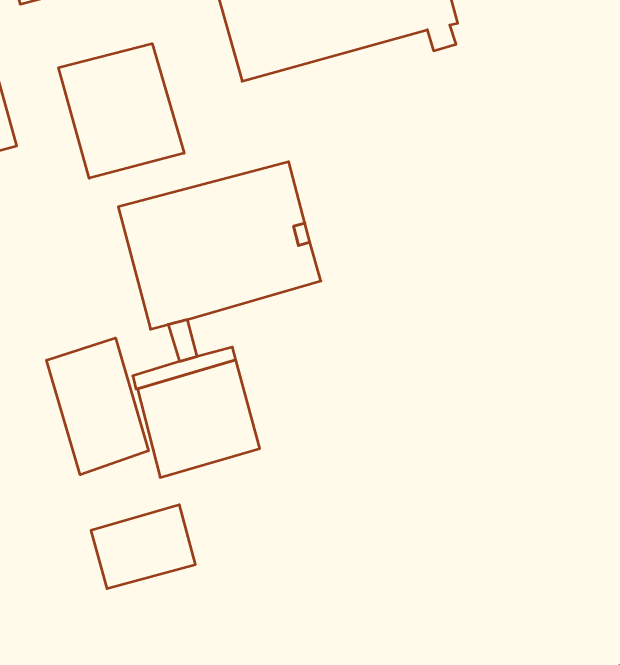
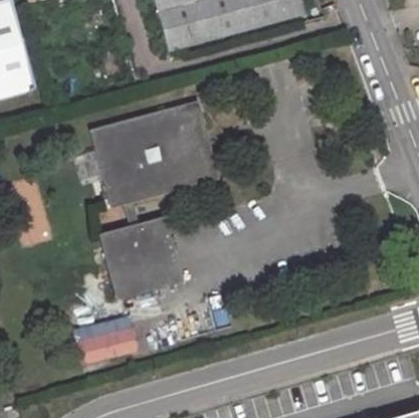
building: [59,44,184,178] -> none
building: [47,338,148,475] -> none

